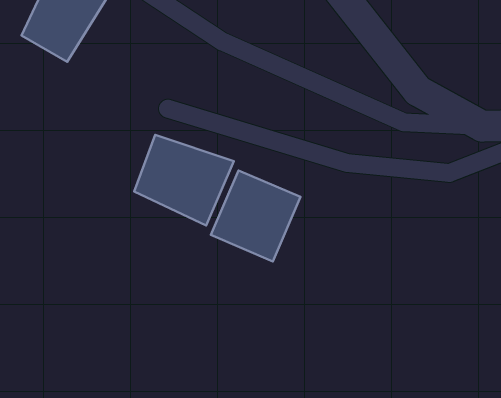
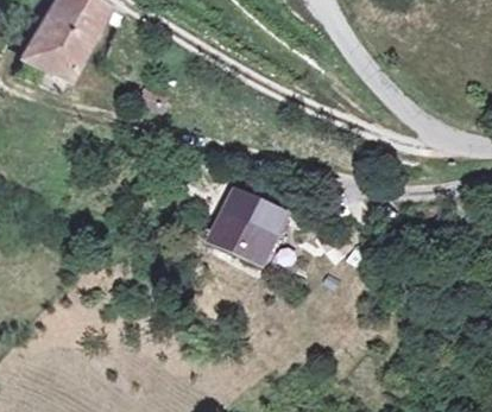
building: [134,135,234,226] -> none

